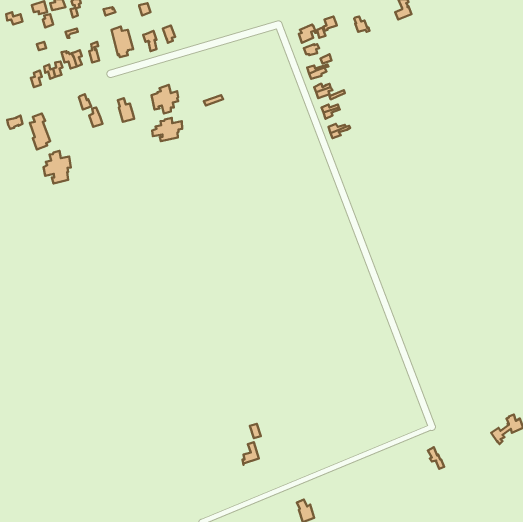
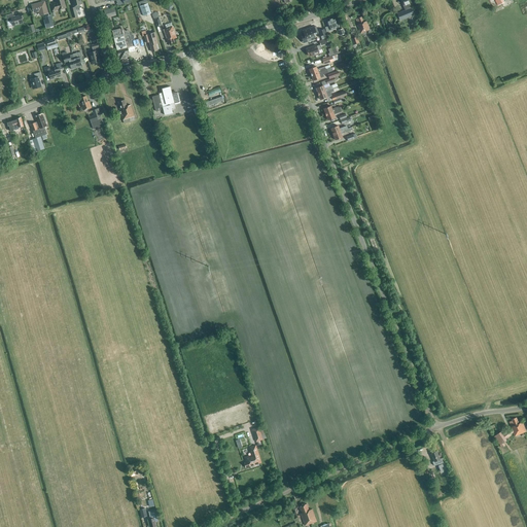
building: [152,118,182,141] -> none
building: [43,151,71,183] -> none

